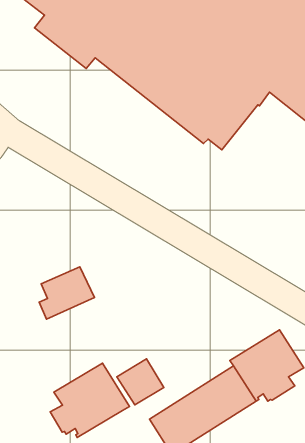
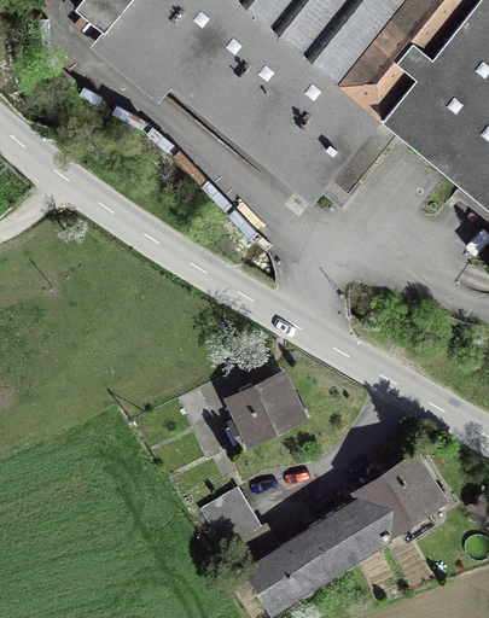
building: [39,267,94,319] -> [228,377,302,447]
building: [50,363,130,437] -> none

